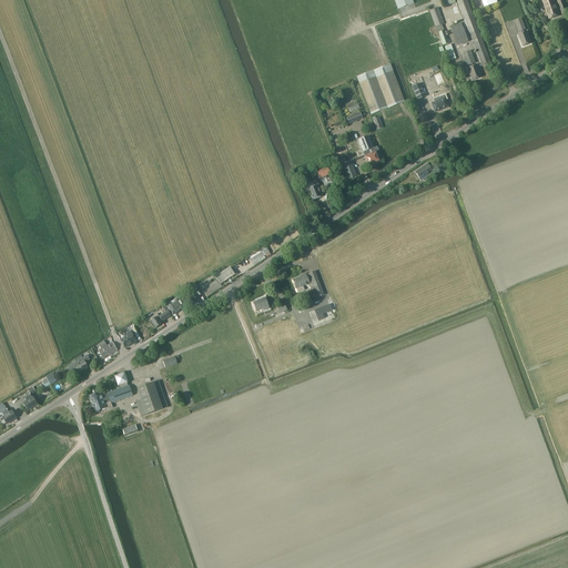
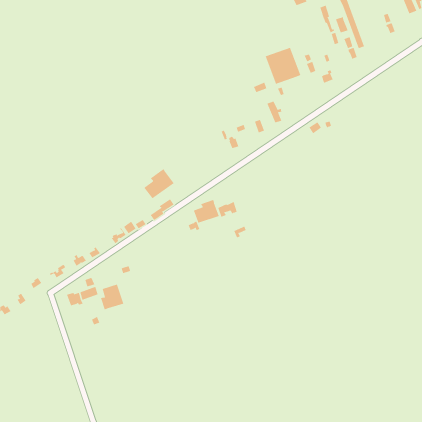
building: none -> [144,168,175,199]
building: none -> [193,199,219,224]

